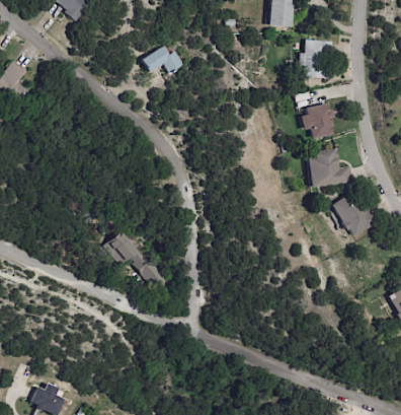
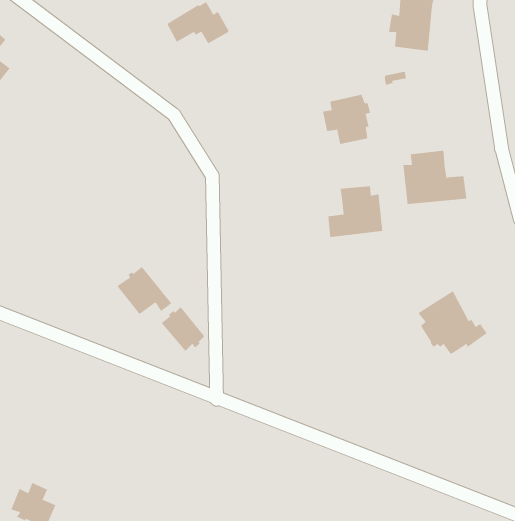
building: [300,102,334,138] -> [322,94,371,144]
building: none -> [328,185,383,238]
building: [330,190,380,235] -> [417,290,488,355]

